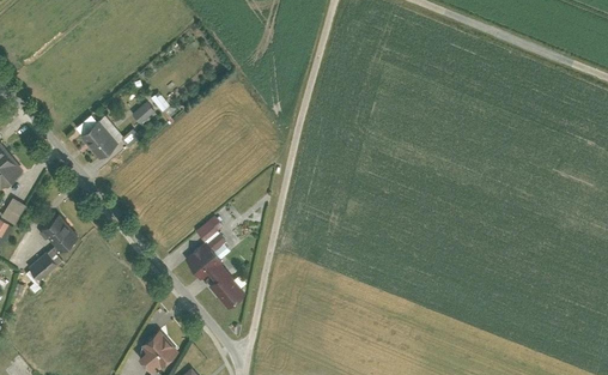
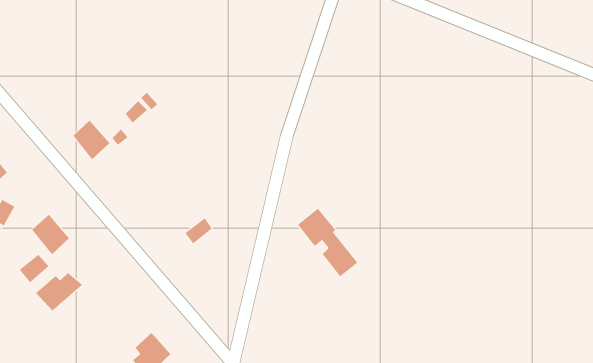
building: [186,240,245,308] -> [297,208,358,277]
building: none -> [35,272,83,311]

